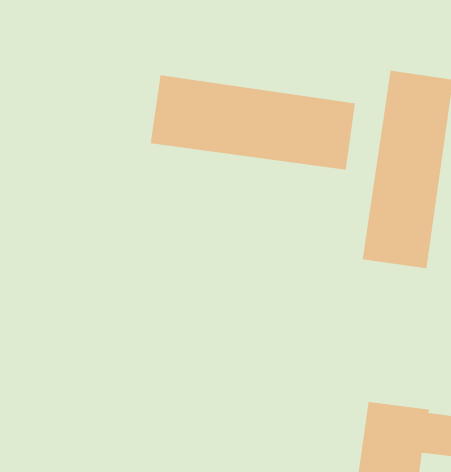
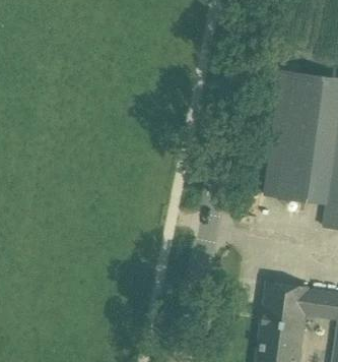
building: [150,74,356,171] -> none

